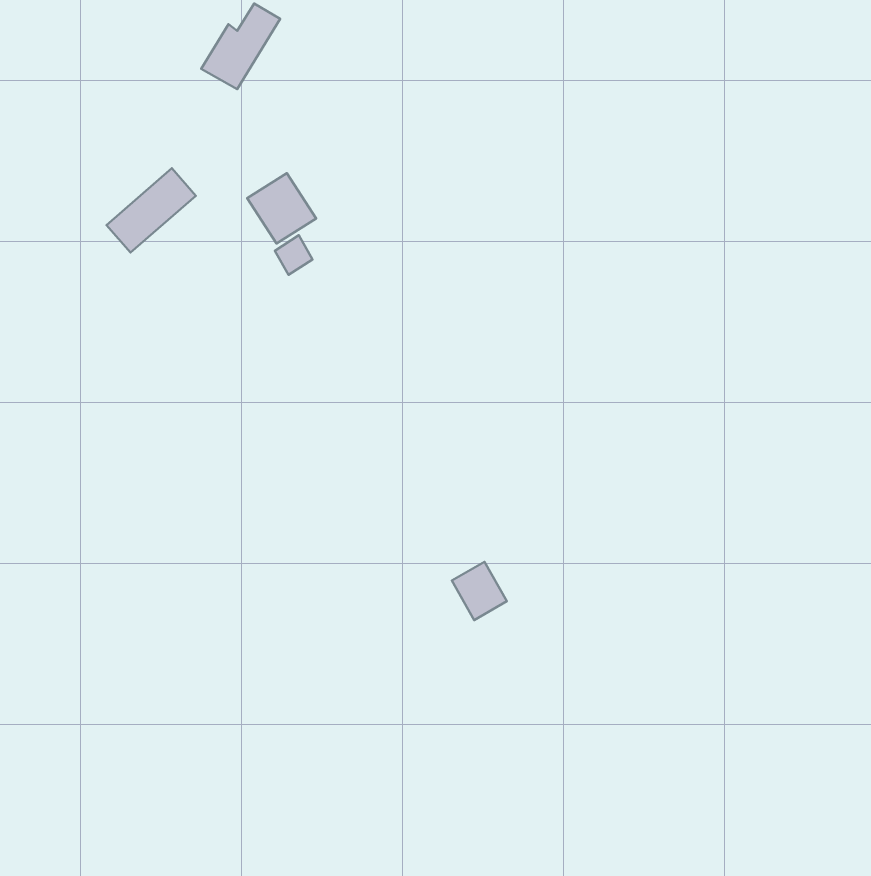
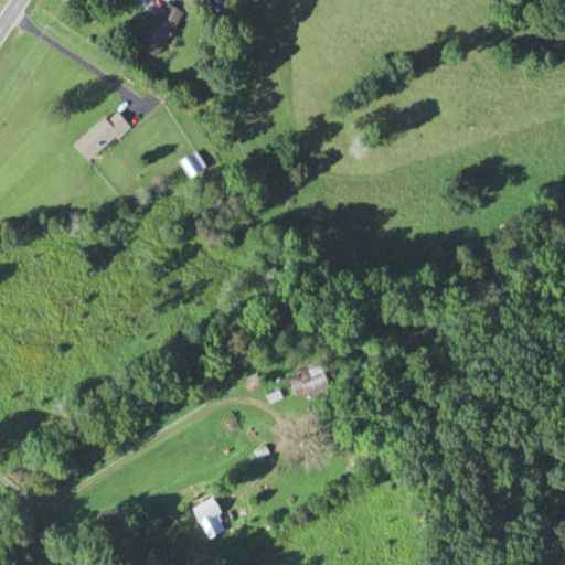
building: [247,173,316,244] -> none
building: none -> [192,498,230,539]

